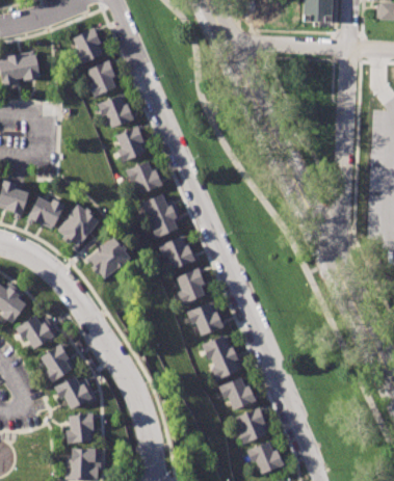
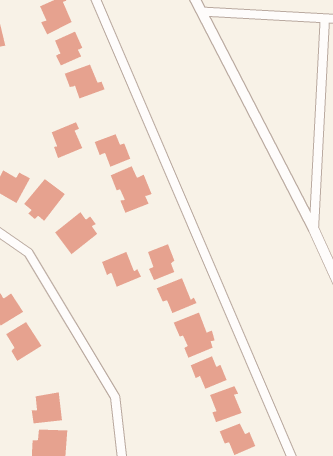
building: [116,125,148,161] -> [51,121,83,159]
building: [159,235,199,270] -> [101,251,142,287]
building: [54,377,97,409] -> none

